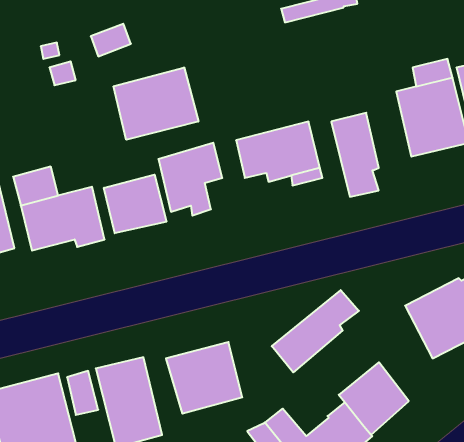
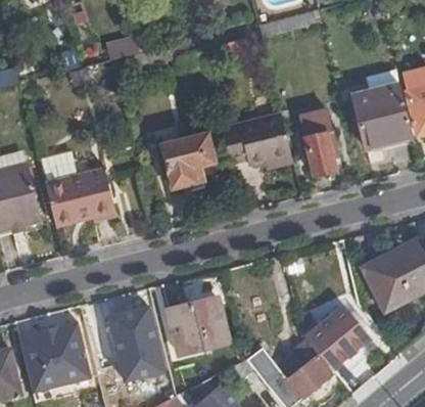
building: [114,67,198,140] -> none
building: [104,175,166,233] -> none
building: [272,290,359,372] -> none

